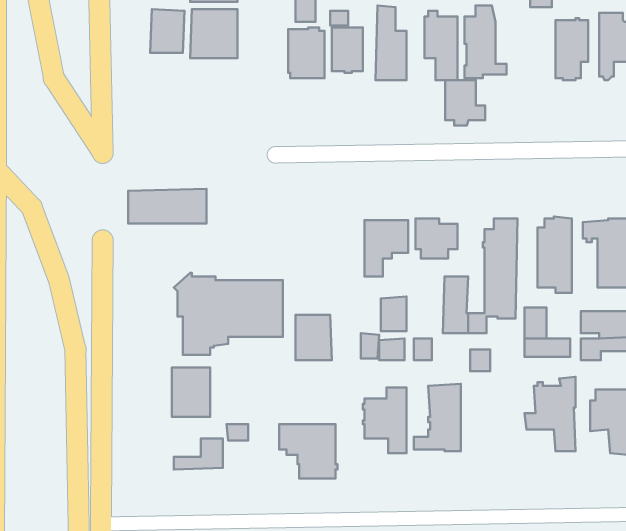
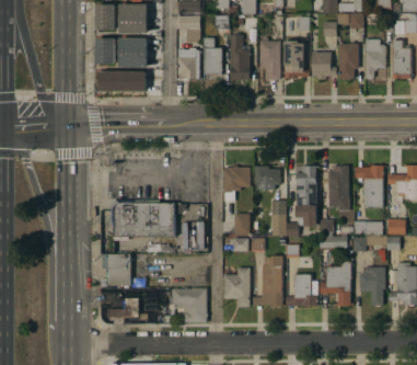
building: [445,80,485,126] -> [312,54,336,81]
building: [128,189,206,223] -> [99,71,146,92]
building: none -> [287,274,317,305]

